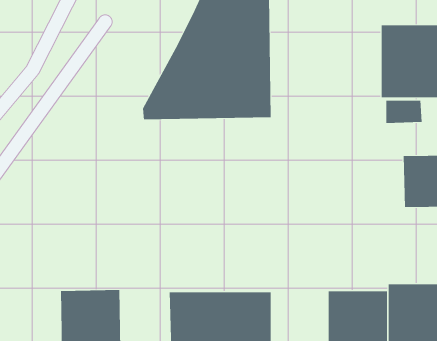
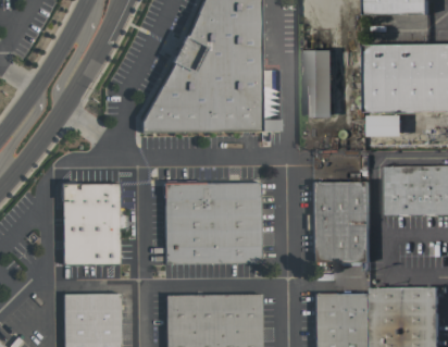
building: none -> [306,49,335,116]
building: none -> [312,181,370,262]
building: none -> [164,182,261,263]
building: none -> [62,184,120,264]

